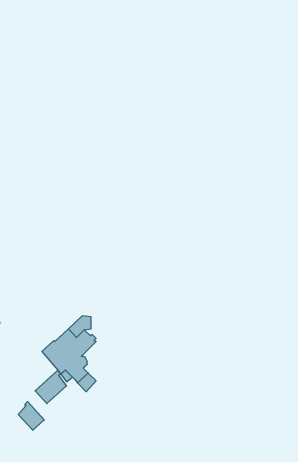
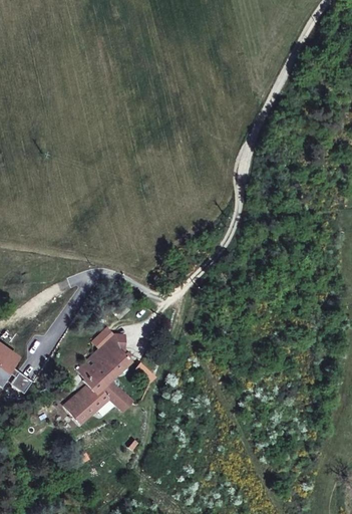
building: [18,402,44,430] -> none

